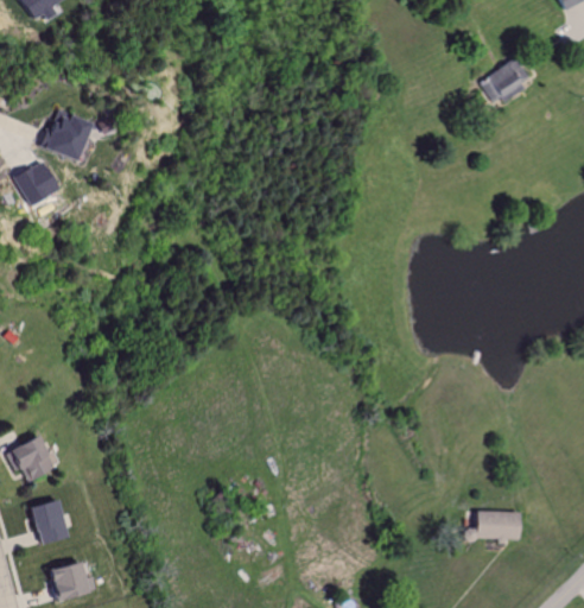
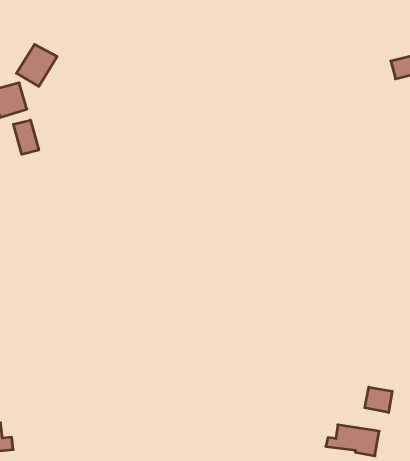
building: none -> [13,120,39,154]
building: none -> [365,387,392,413]

